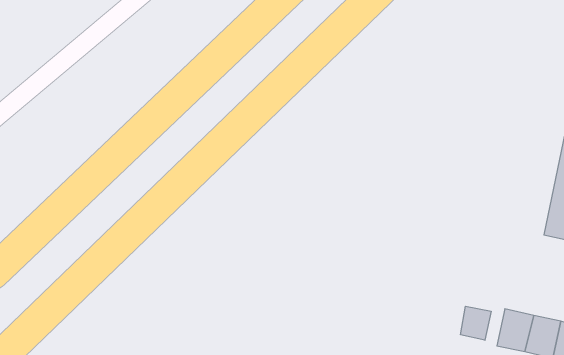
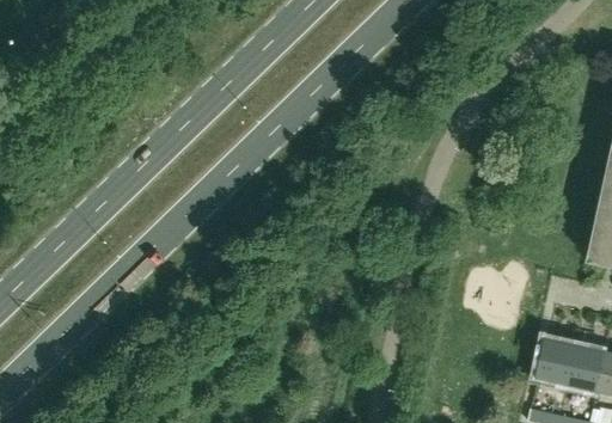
building: [461,306,491,340] -> none

